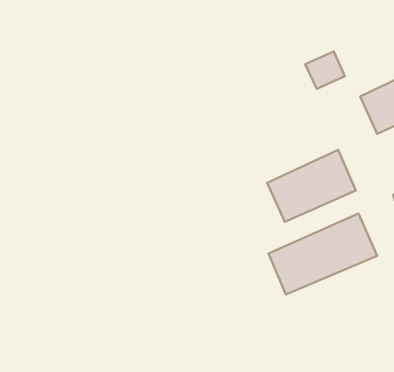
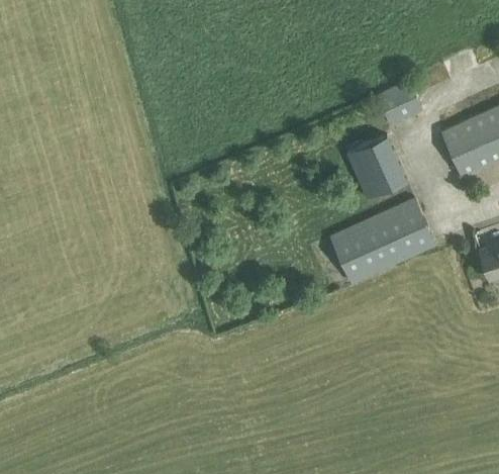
building: none -> [346,135,406,198]
building: [268,214,377,294] -> none

